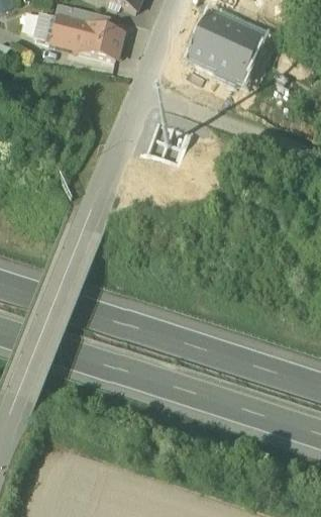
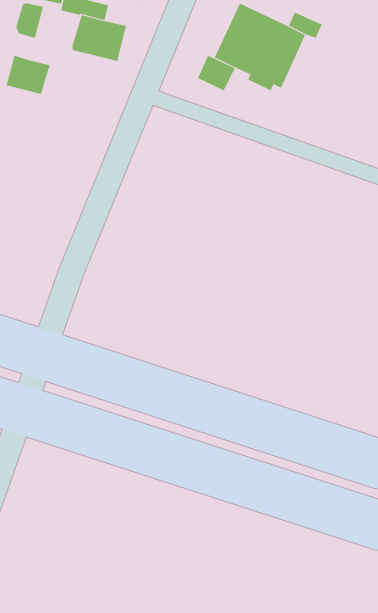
building: [49,14,85,45] -> [6,55,51,95]

